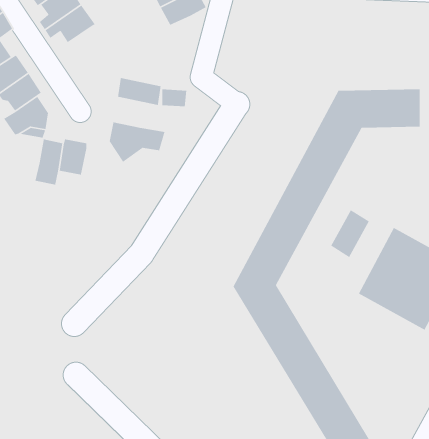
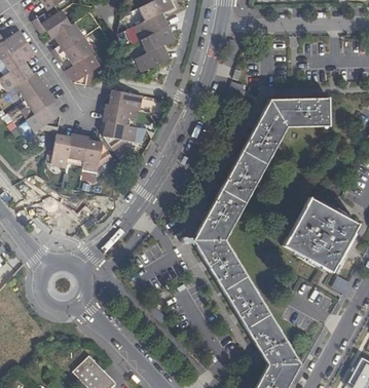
building: none -> [136,45,170,73]
building: none -> [67,52,101,85]
building: none -> [103,104,130,125]
building: none -> [82,141,113,173]
building: [330,209,370,258] -> none

